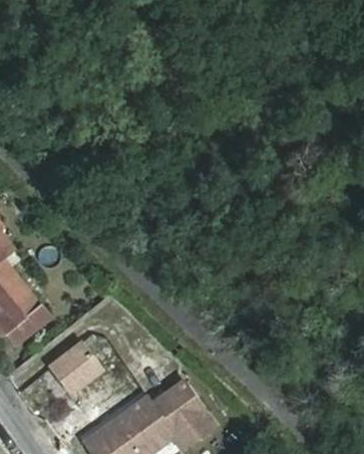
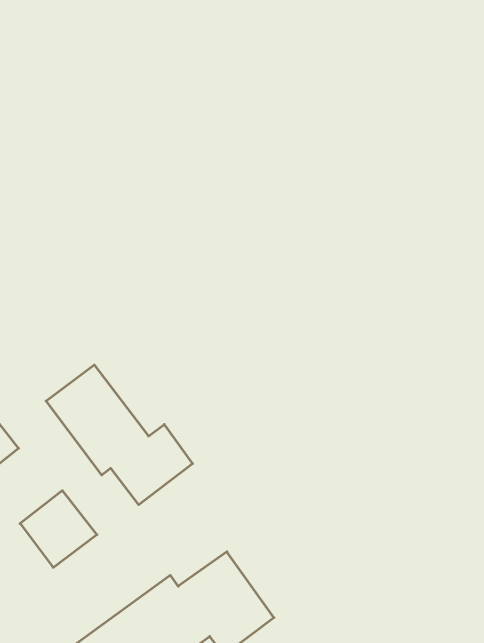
building: none -> [46,365,193,505]

